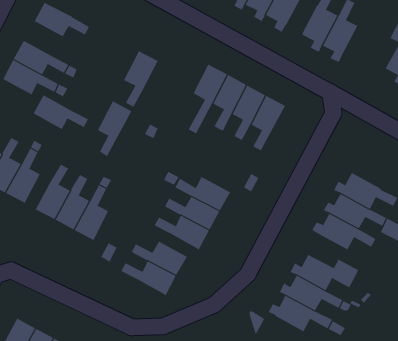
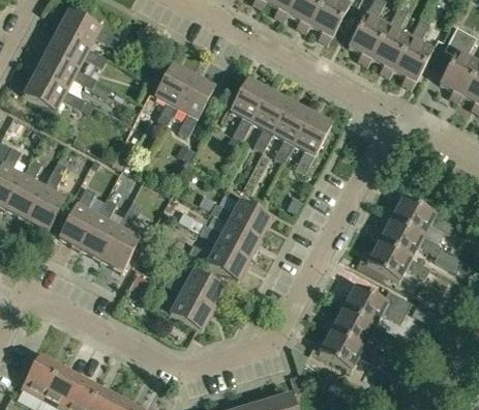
building: none -> [393,17,433,87]
building: [33,95,89,130] -> [47,30,108,68]
building: [97,101,132,157] -> [177,74,215,135]

